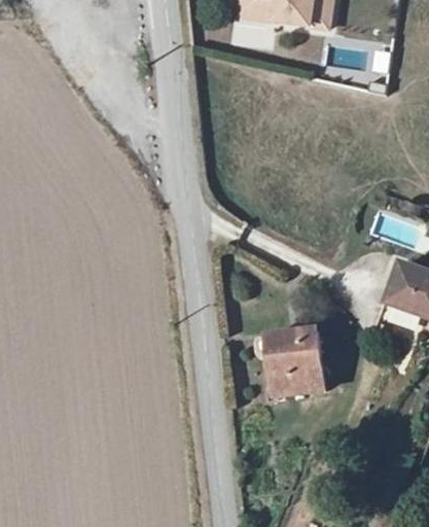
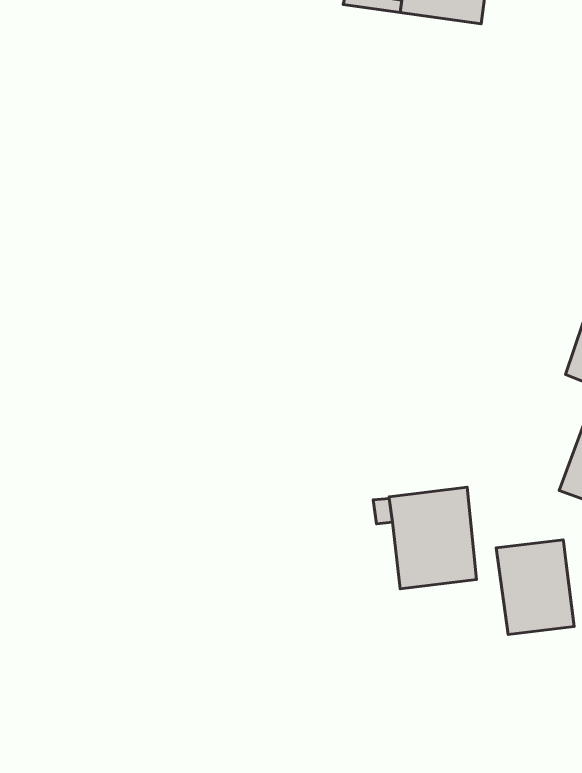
building: none -> [496,540,574,634]

